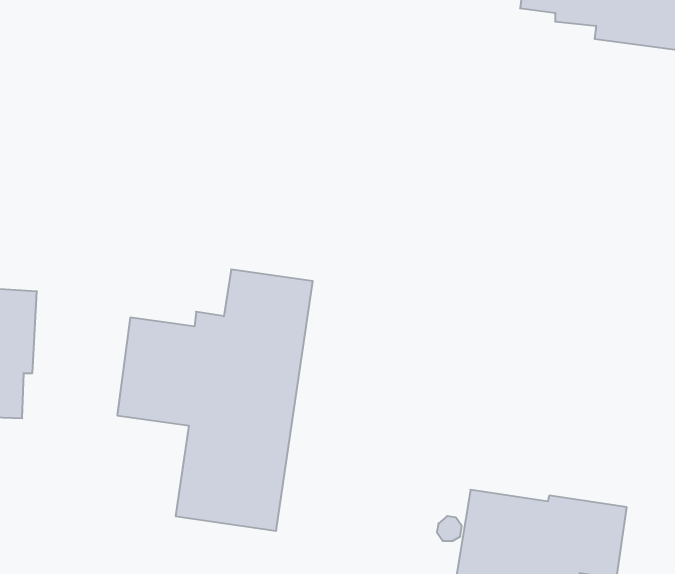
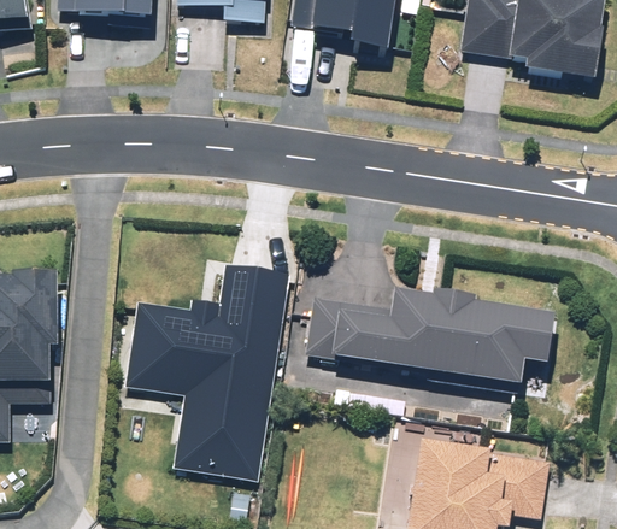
building: none -> [305,284,548,382]

